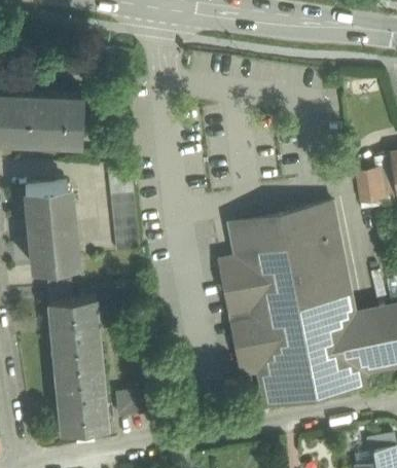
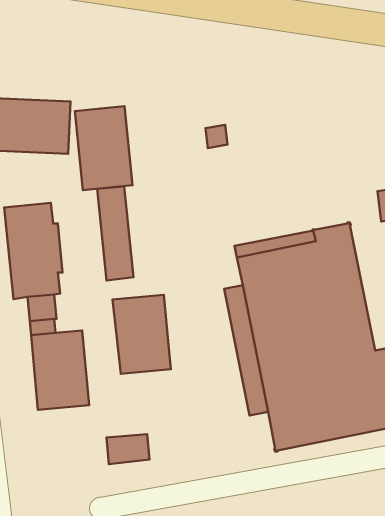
building: none -> [75,106,132,190]
building: [56,366,107,436] -> [113,295,171,374]

